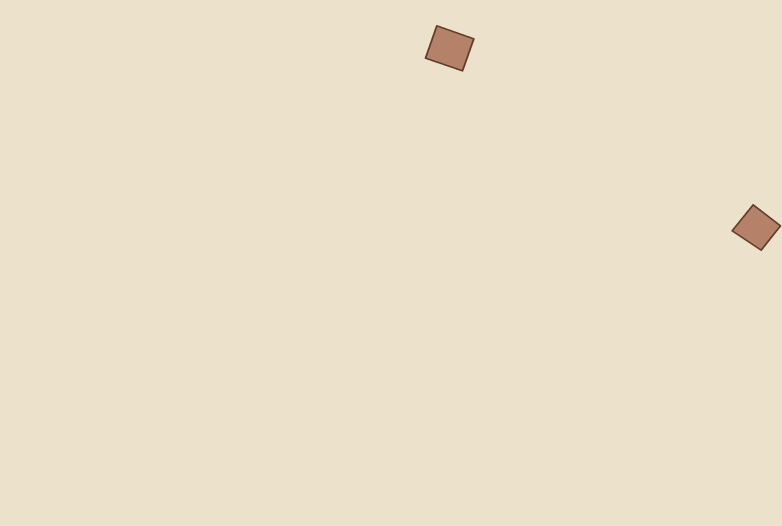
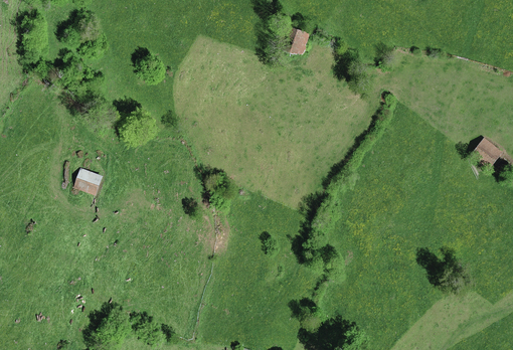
building: none -> [73,169,102,194]

